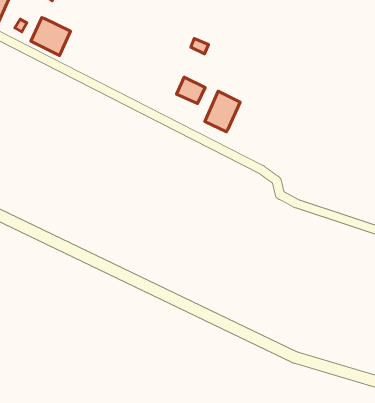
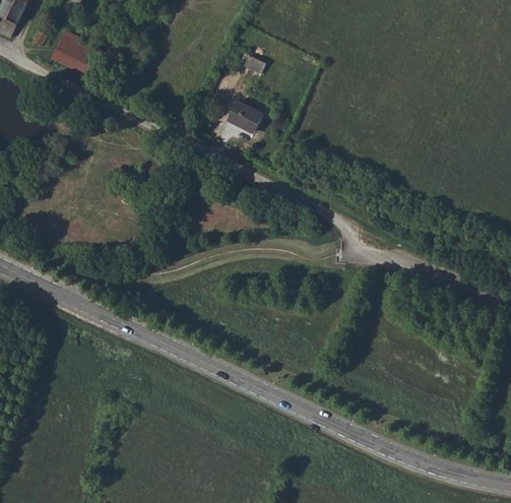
building: [205,91,240,132] -> none

